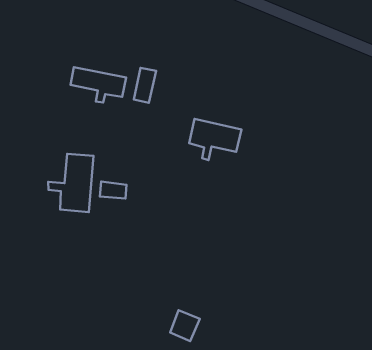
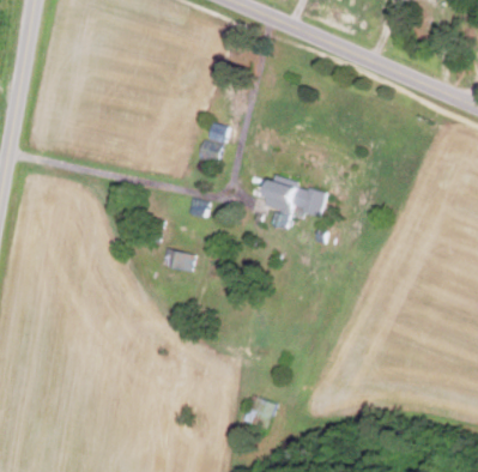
building: [71,67,126,102] -> none
building: [48,154,94,212] -> none

